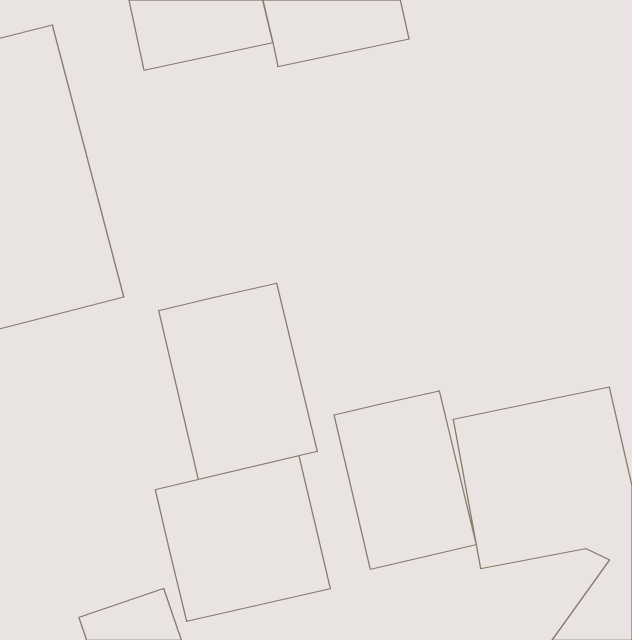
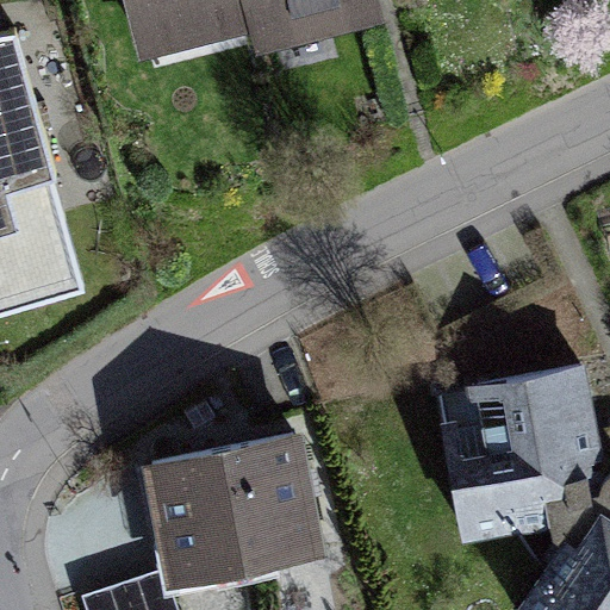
building: [159,283,317,479] -> none
building: [334,391,476,569] -> none

